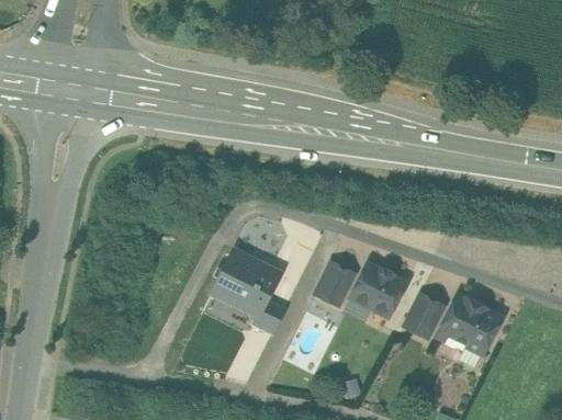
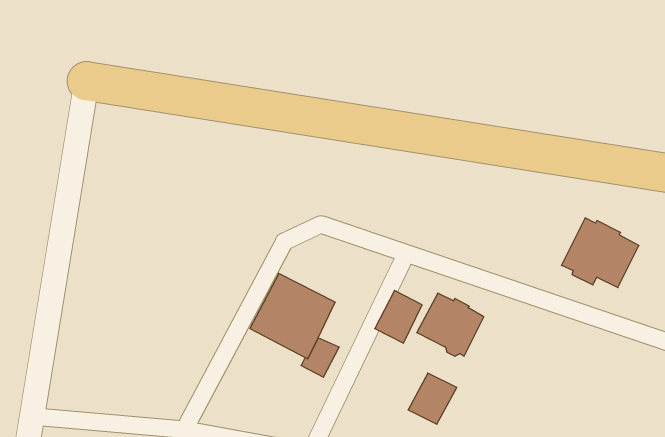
building: [403,295,443,338] -> [408,373,457,424]
building: [436,296,501,354] -> [561,218,639,288]

